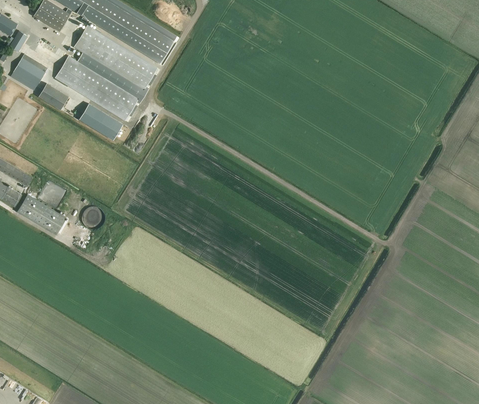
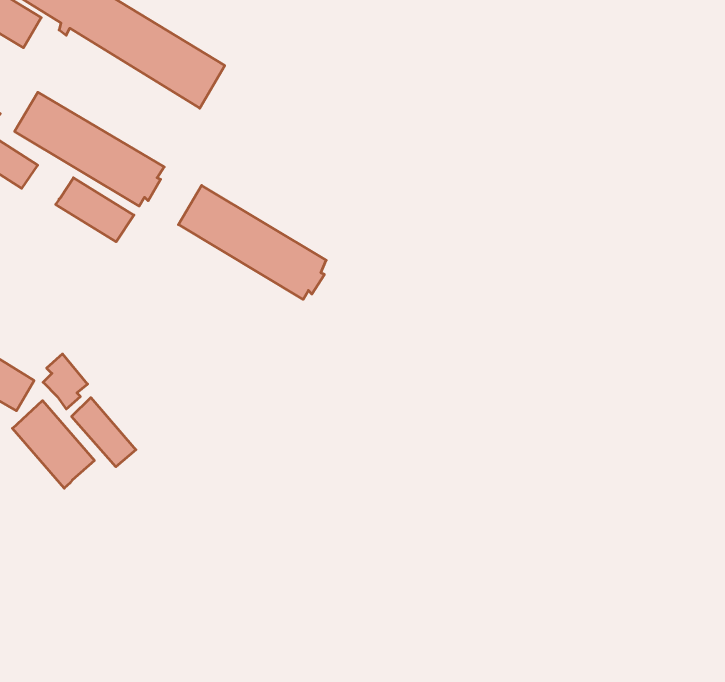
building: [75,25,158,89] -> [178,185,326,299]
building: none -> [72,398,136,467]
building: none -> [12,401,94,488]

